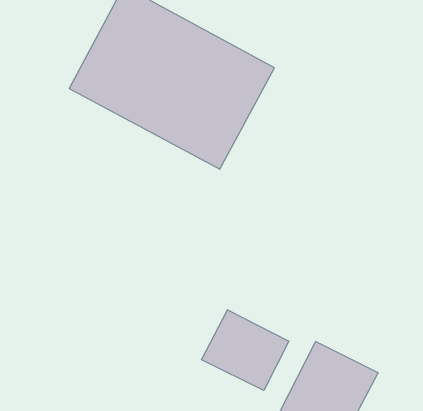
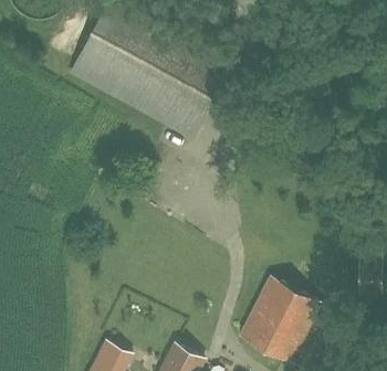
building: [201,310,289,390] -> none

